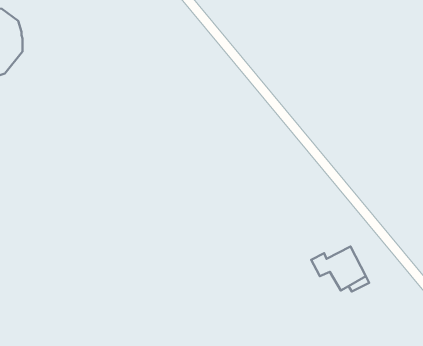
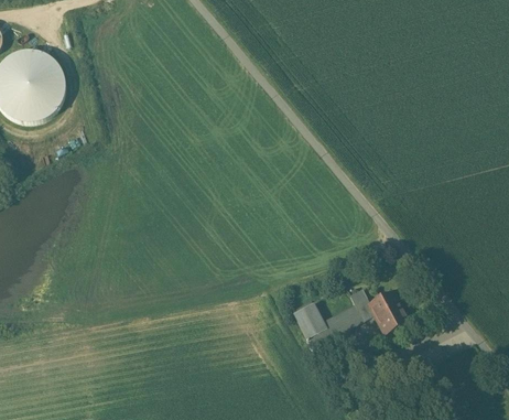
building: none -> [293,302,359,349]

